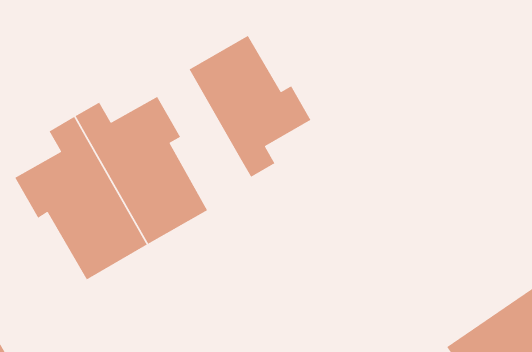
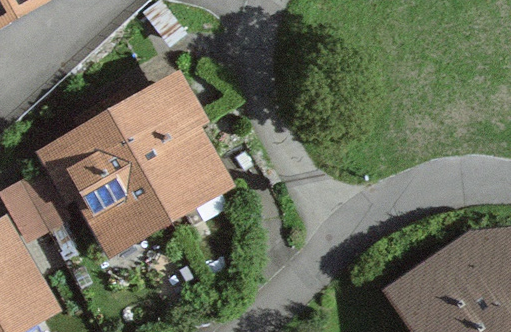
building: [188,35,311,178] -> none

